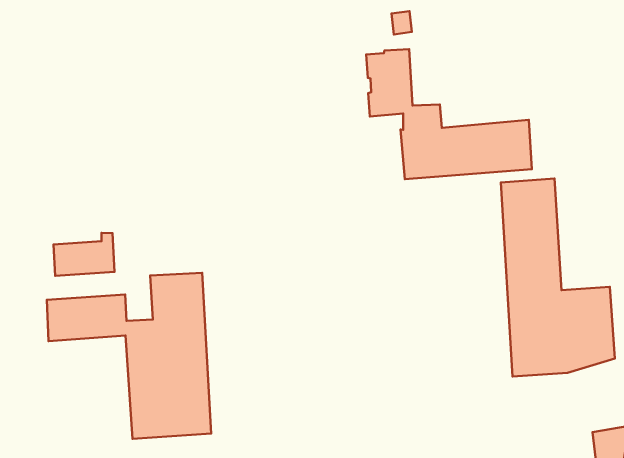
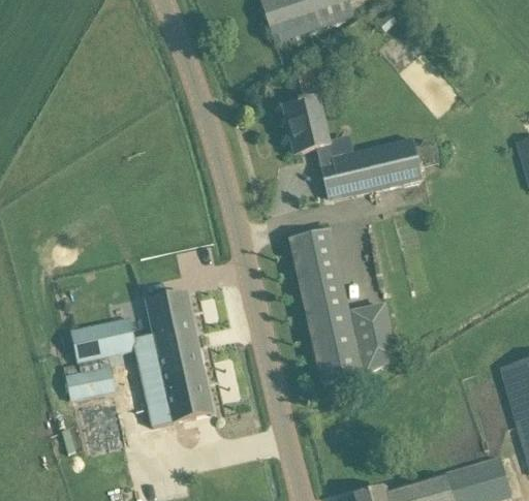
building: [501,179,615,376] -> [290,230,398,385]
building: [53,233,114,276] -> [66,361,116,400]

